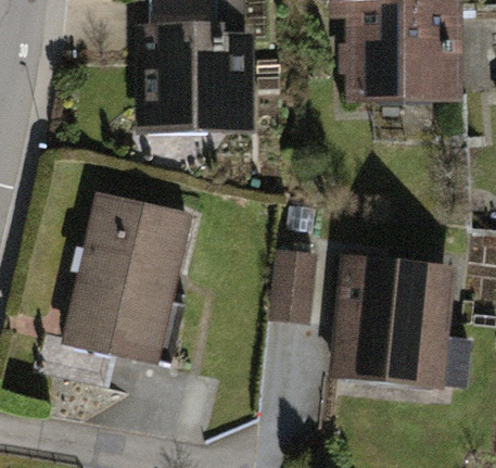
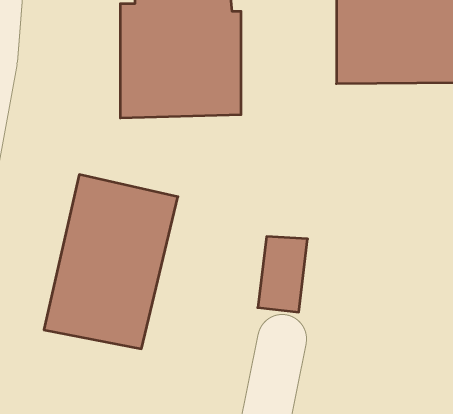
building: [329,254,457,387] -> none

